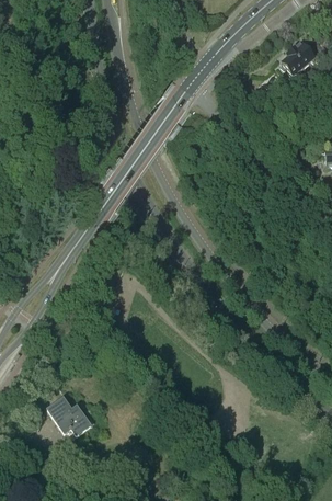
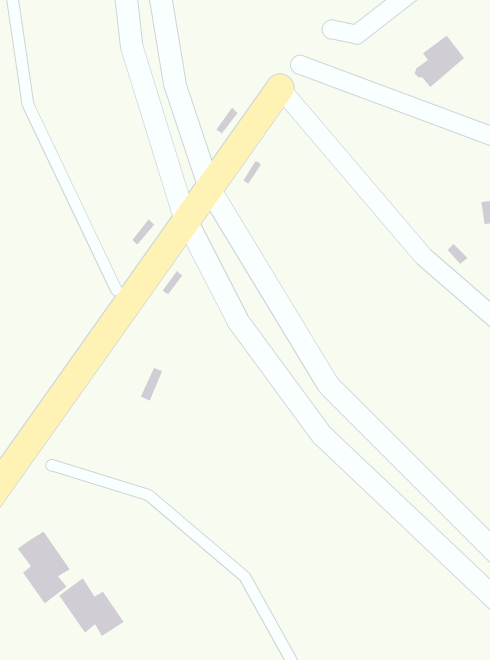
building: none -> [16,530,71,605]

